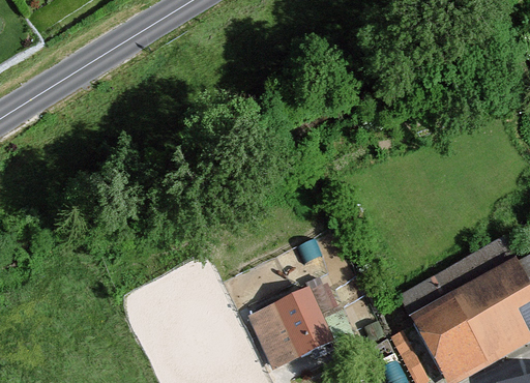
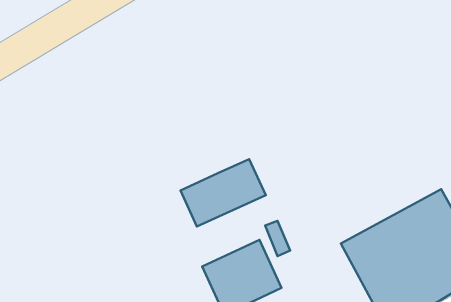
building: none -> [180,159,266,226]

